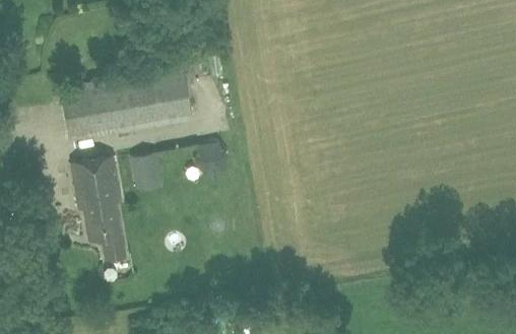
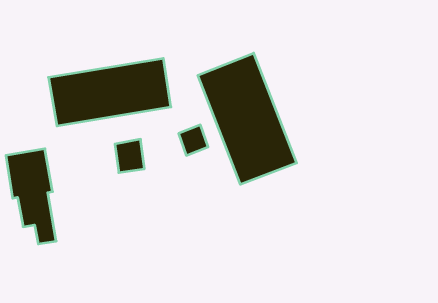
building: none -> [198,53,297,184]
building: [71,156,125,258] -> [6,149,56,244]

